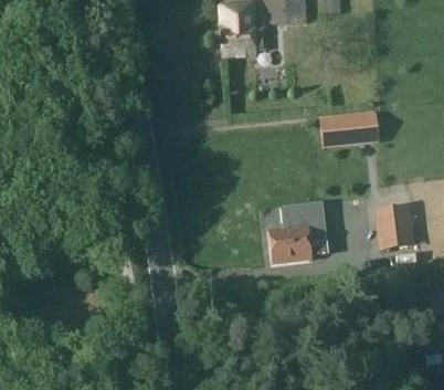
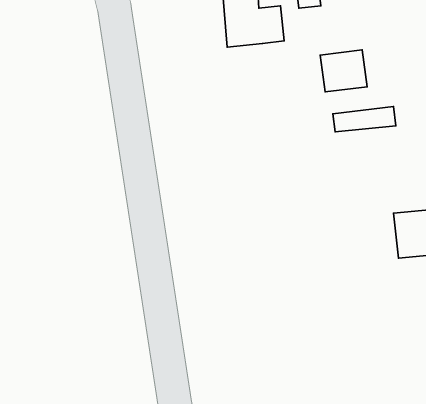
building: none -> [320,50,367,92]
building: [269,202,328,263] -> none

